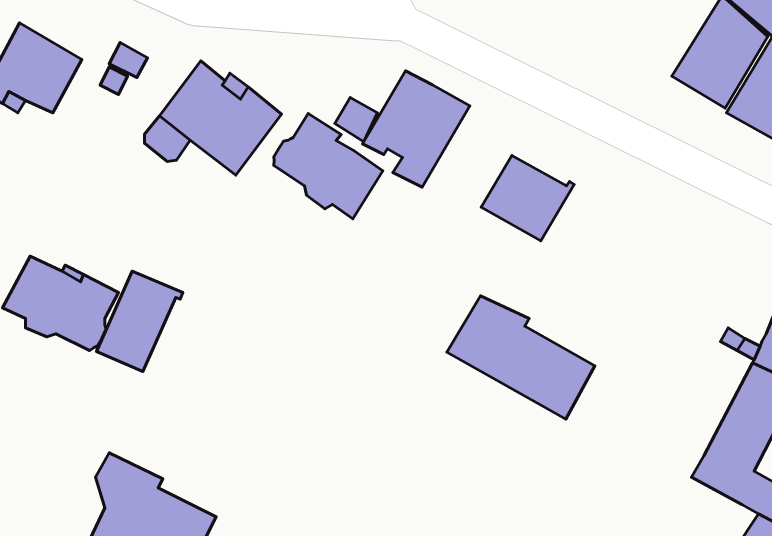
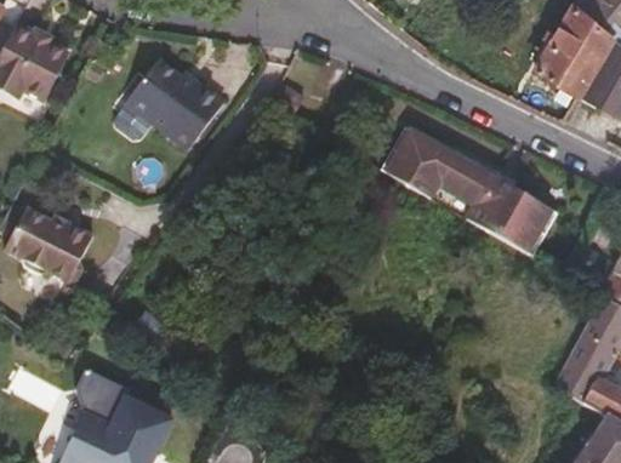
building: [363,71,470,187] -> none
building: [274,113,383,219] -> none
building: [96,271,183,371] -> none
building: [447,296,595,419] -> [433,154,551,252]

